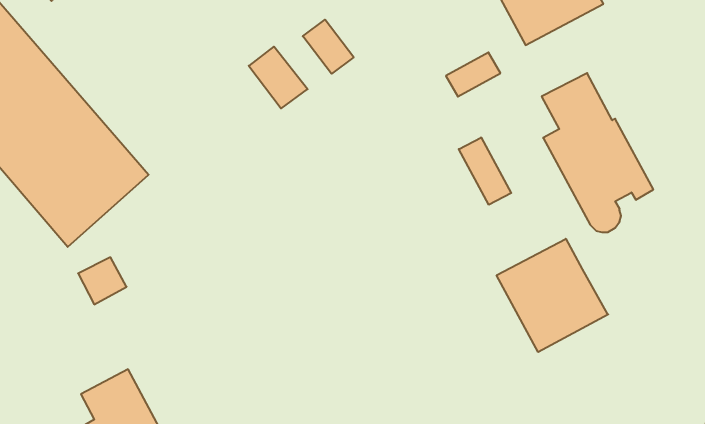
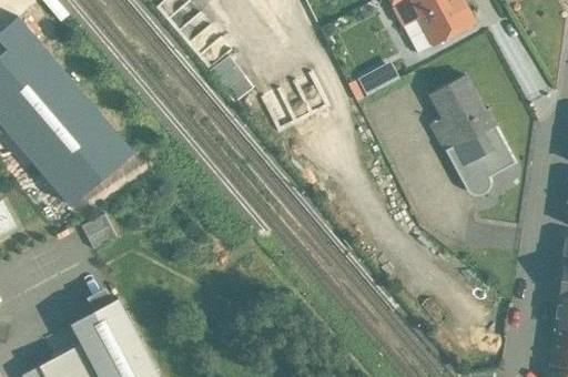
building: [303,20,354,74] -> none
building: [459,137,511,205] -> none
building: [497,239,608,352] -> none

